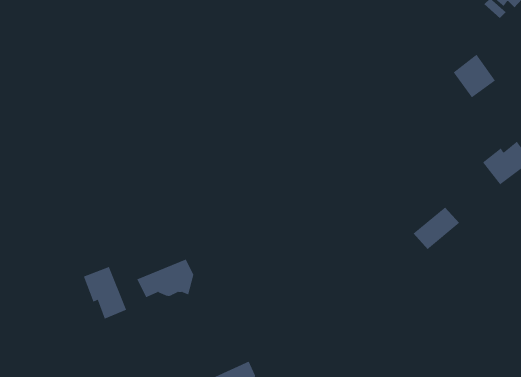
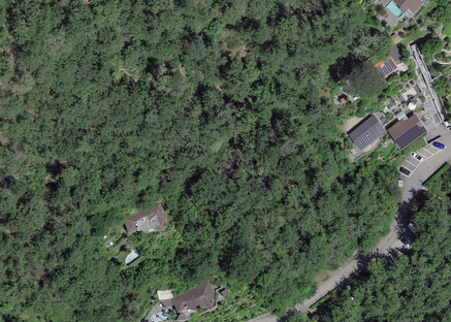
building: [413,207,460,250] -> [349,115,385,148]
building: [83,266,127,319] -> none

